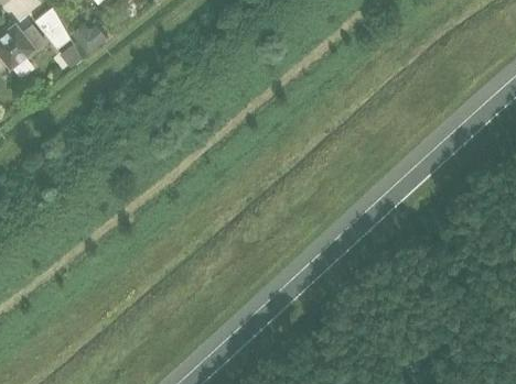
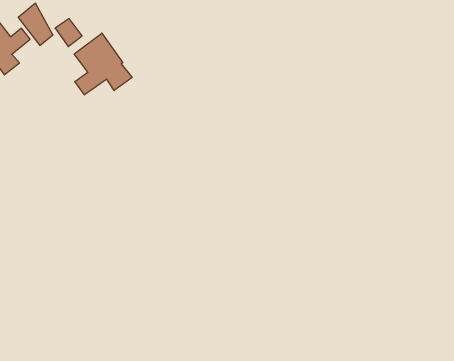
building: none -> [74,33,132,95]

